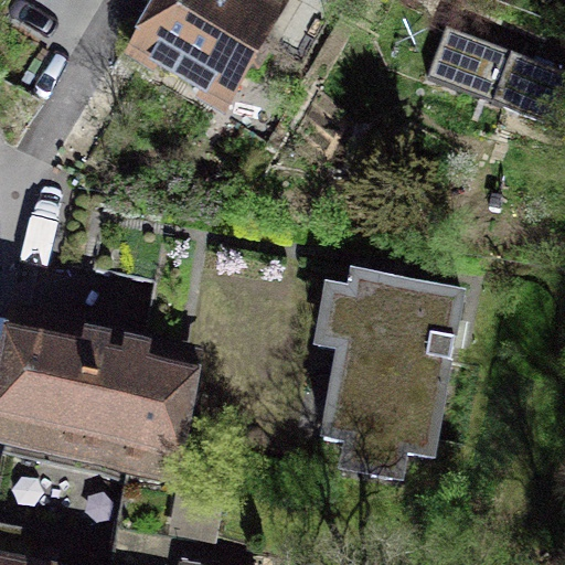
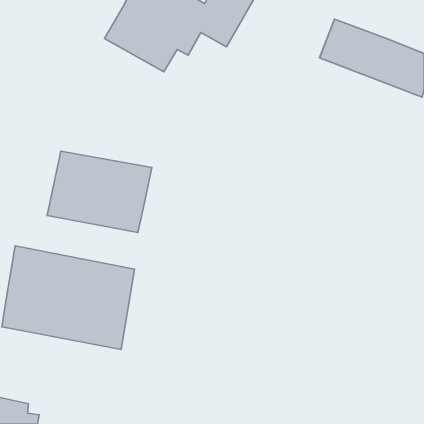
building: none -> [47,151,152,233]
building: [319,273,459,455] -> none

